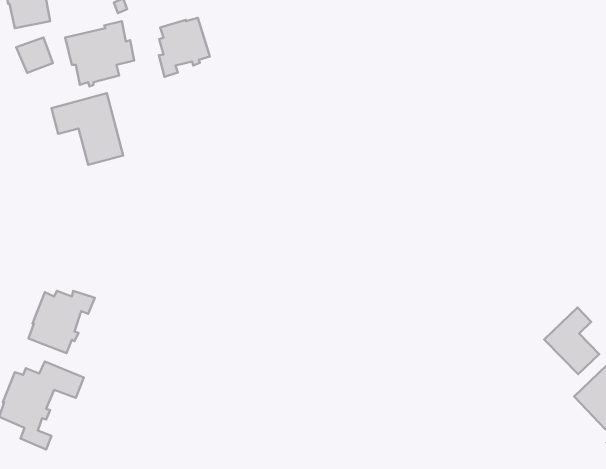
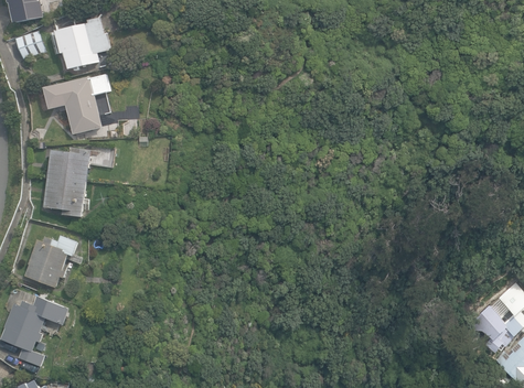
building: [159,18,210,77] -> none
building: none -> [43,148,89,217]
building: [544,308,599,374] -> none

